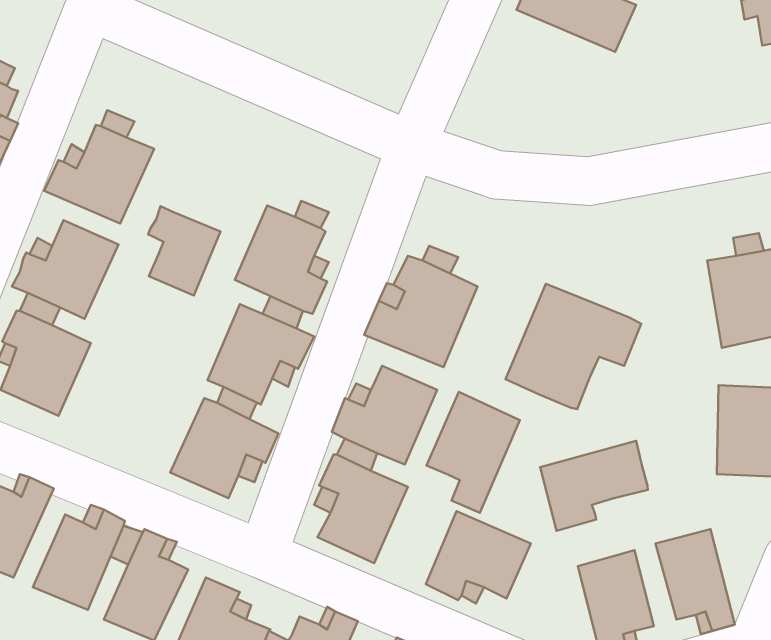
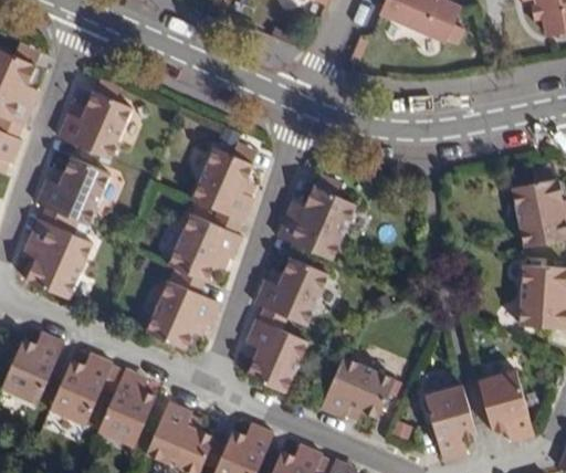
building: [148,206,220,295] -> none
building: [505,284,641,409] -> none
building: [427,392,520,513] -> none
building: [540,441,648,531] -> none

